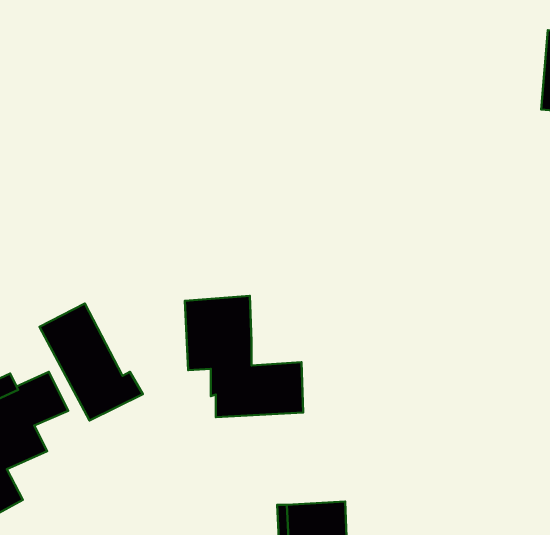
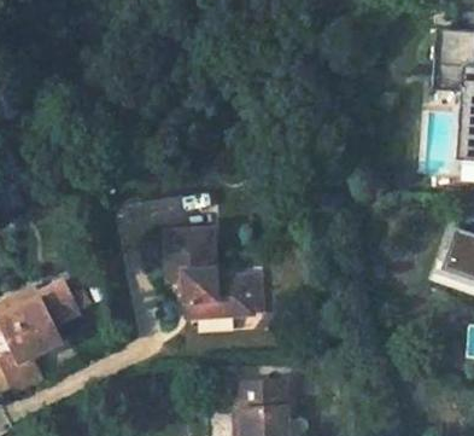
building: [39,304,143,420] -> none

